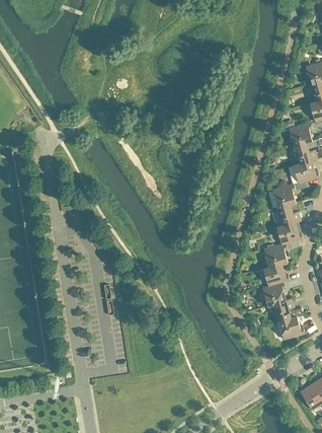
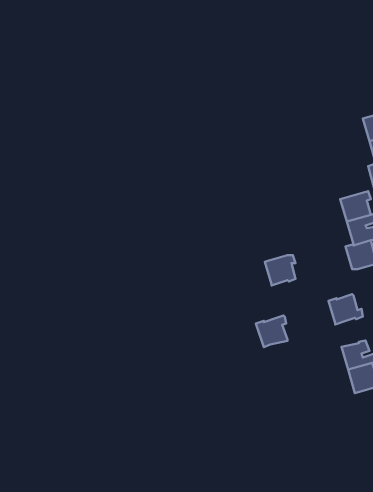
building: [262,244,286,268] -> [265,255,295,286]
building: [260,282,285,306] -> [256,316,287,347]

